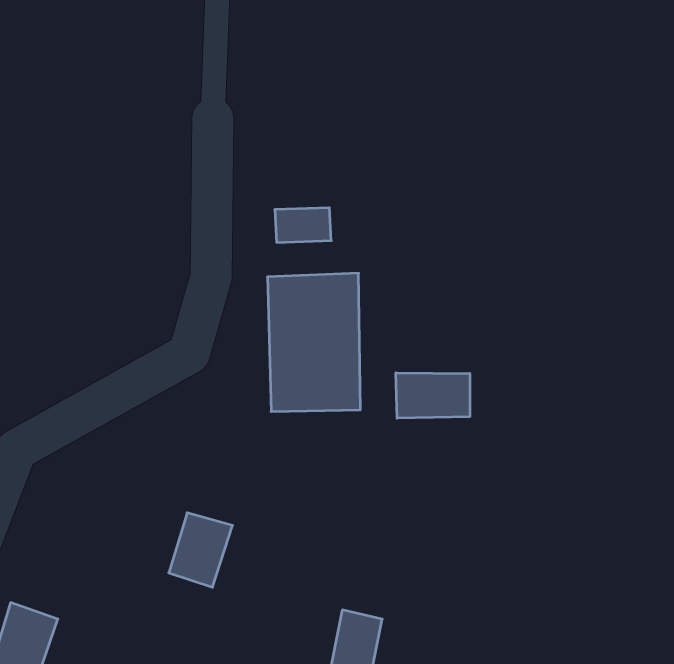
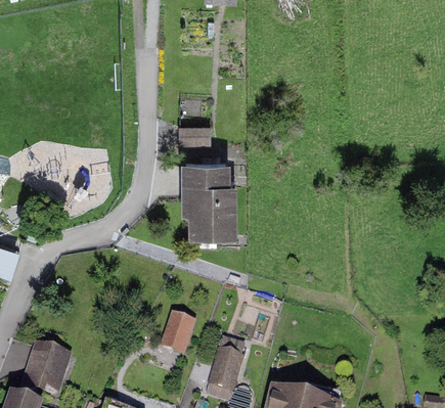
building: [396,373,470,418] -> none
building: [169,513,233,587] -> [162,313,197,355]

